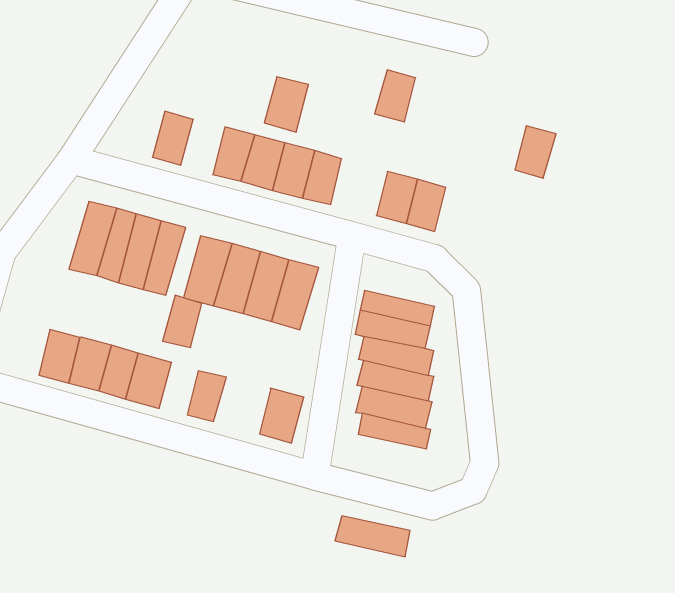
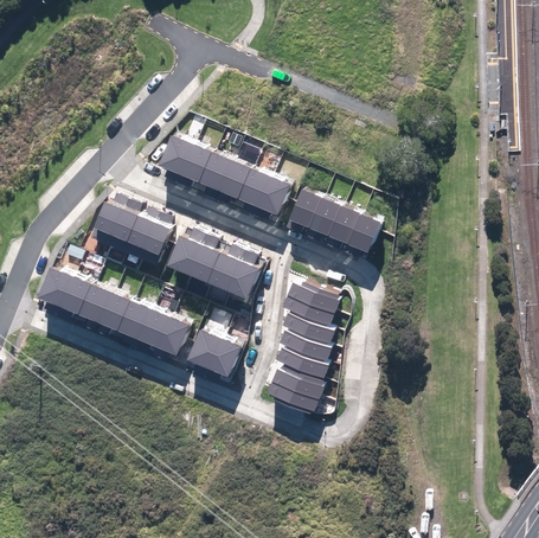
building: [375,70,416,122] -> [289,190,321,228]
building: [264,77,308,132] -> [178,143,212,184]
building: [515,126,556,178] -> [348,214,380,252]
building: [163,295,202,348] -> [140,310,171,348]
building: none -> [40,268,71,307]
building: none -> [187,331,219,369]
building: [335,516,410,557] -> [269,378,322,412]

